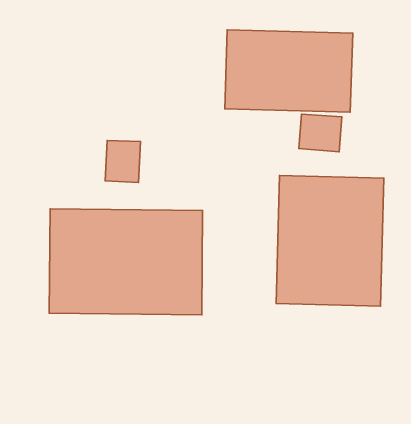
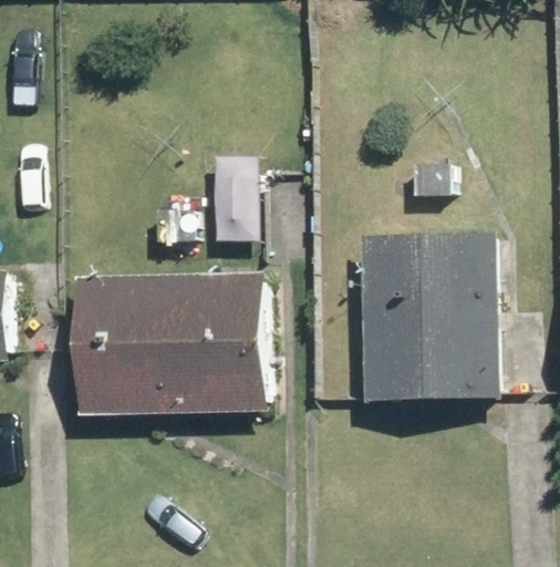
building: [225,30,353,112] -> none

